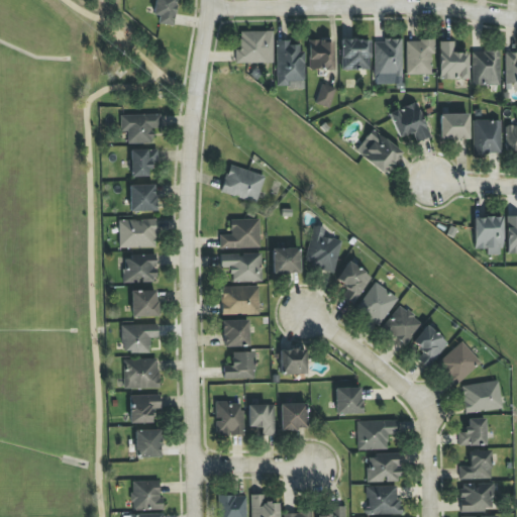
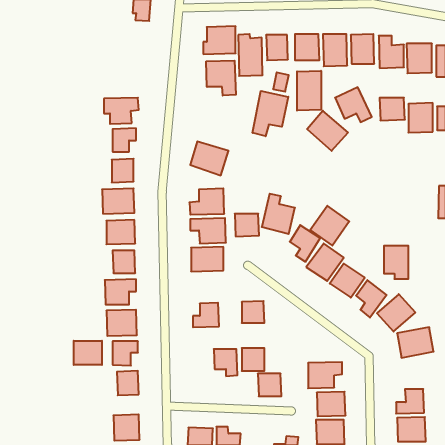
building: none -> [206,61,236,96]
building: none -> [297,71,321,111]
building: none -> [253,91,288,136]
building: [475,216,503,254] -> [384,246,408,279]
building: none -> [310,206,349,246]
building: [223,319,249,346] -> none
building: [335,387,363,413] -> [258,374,281,396]
building: none -> [74,341,102,365]
building: [216,402,243,434] -> none
building: [458,417,486,445] -> none

